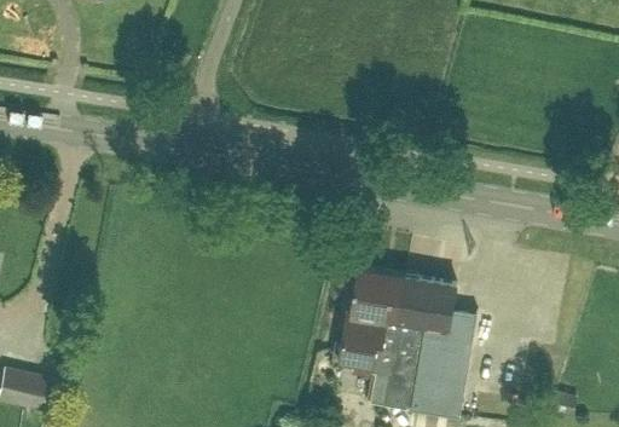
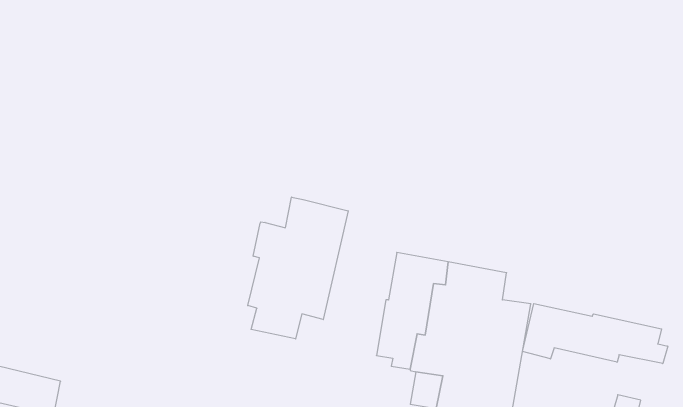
building: none -> [248,197,348,339]
building: none -> [523,304,668,364]

